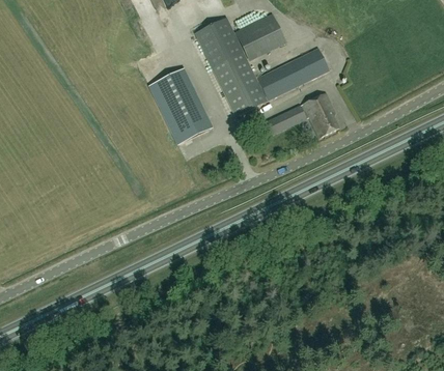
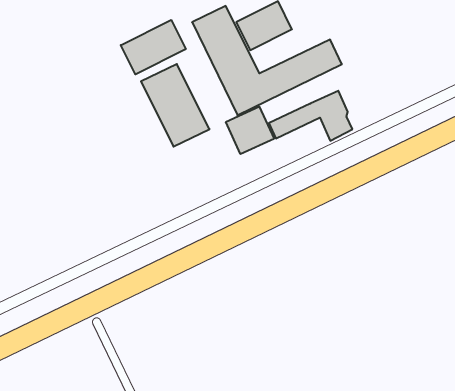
building: none -> [121,20,186,74]
building: none -> [226,107,274,154]

